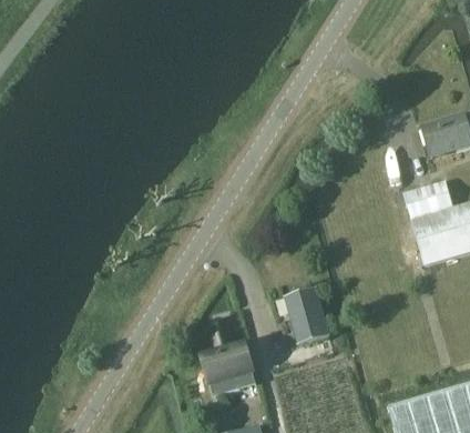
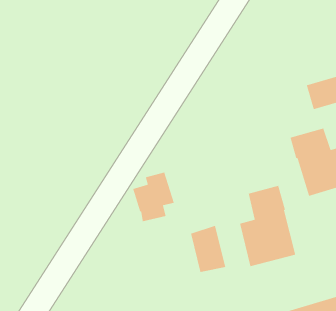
building: none -> [239,185,296,267]
building: [202,334,254,396] -> [132,171,175,222]

